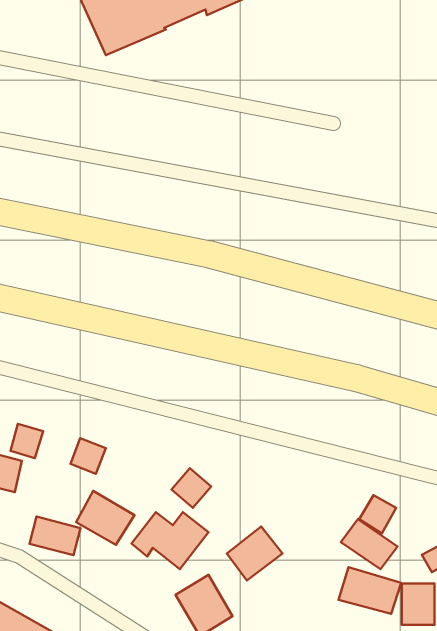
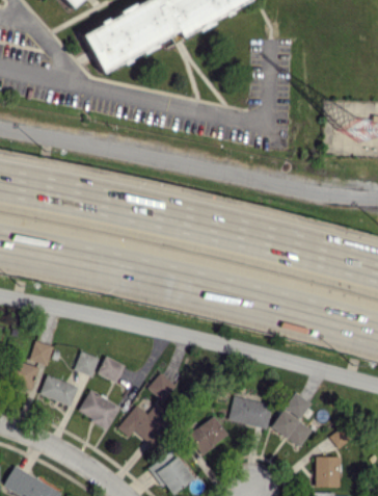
building: none -> [98,356,126,383]
building: [29,517,81,555] -> [41,376,78,404]
building: [338,567,401,614] -> [227,395,273,429]

